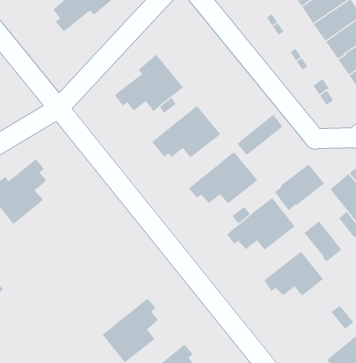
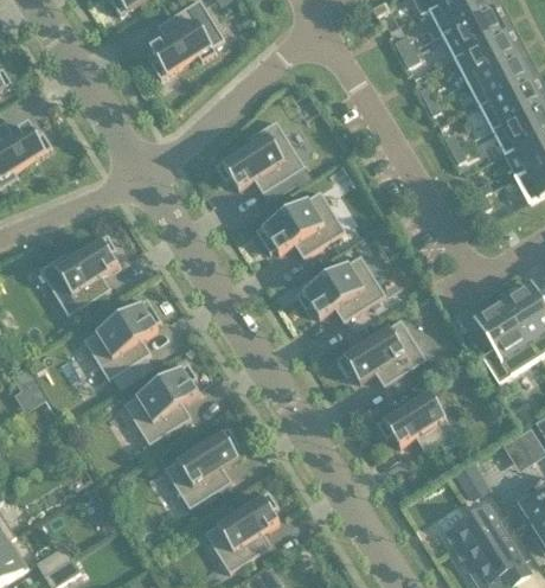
building: [236,114,283,156] -> none
building: [274,164,325,211] -> none
building: none -> [83,299,160,379]
building: [304,221,342,262] -> none
building: none -> [123,363,198,443]

